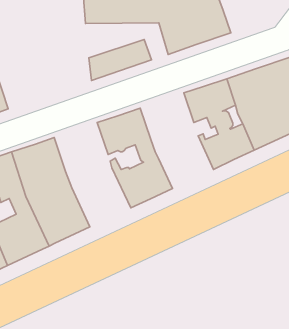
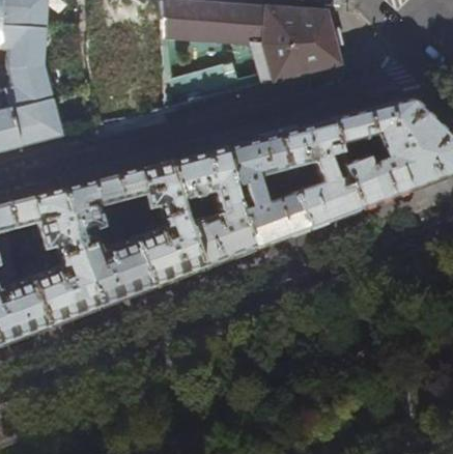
building: none -> [224,133,308,249]
building: none -> [116,161,203,288]

